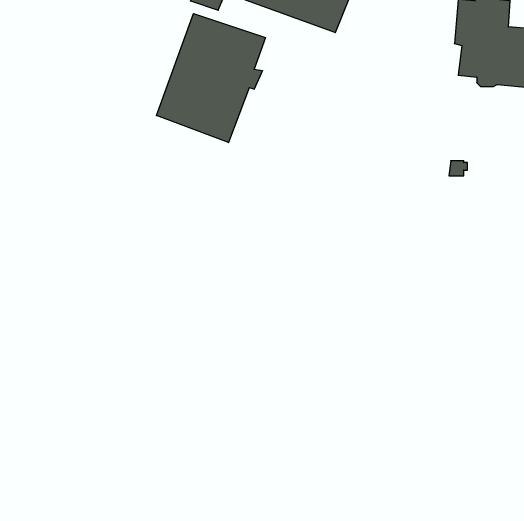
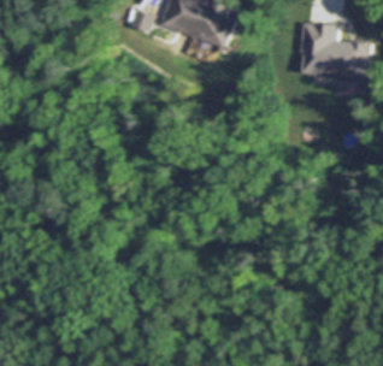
building: [156,14,265,143] -> none

